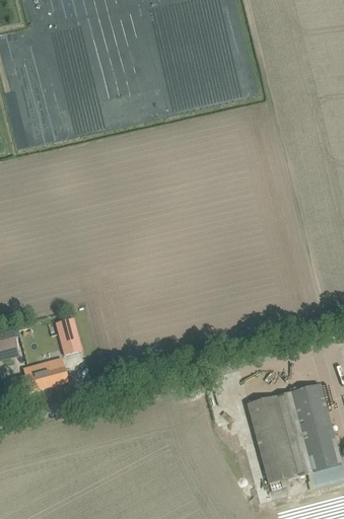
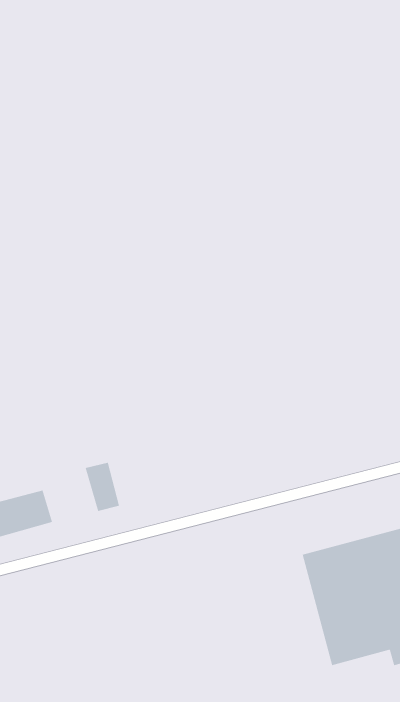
building: [56,317,81,353] -> [85,462,120,511]

